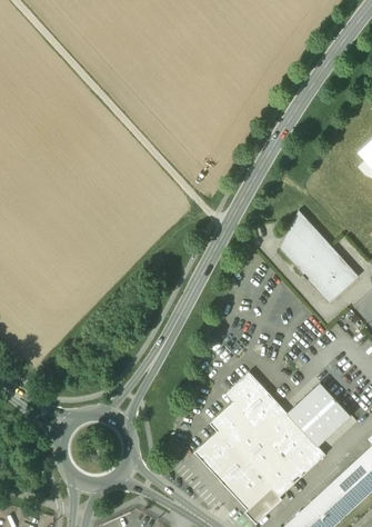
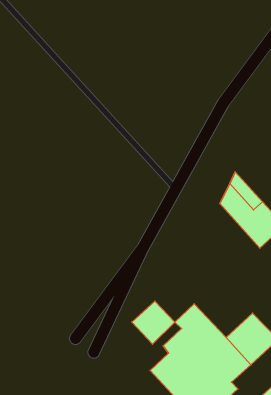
building: none -> [132,301,175,344]

